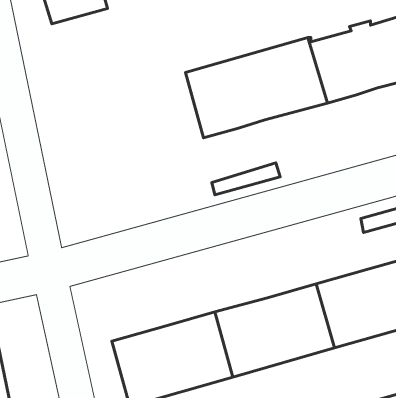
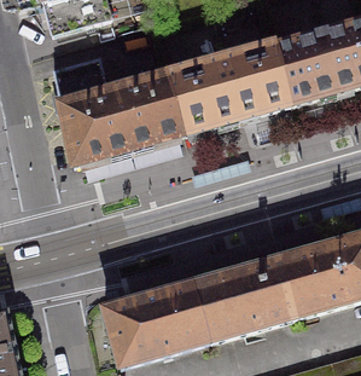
building: none -> [54,54,185,163]

